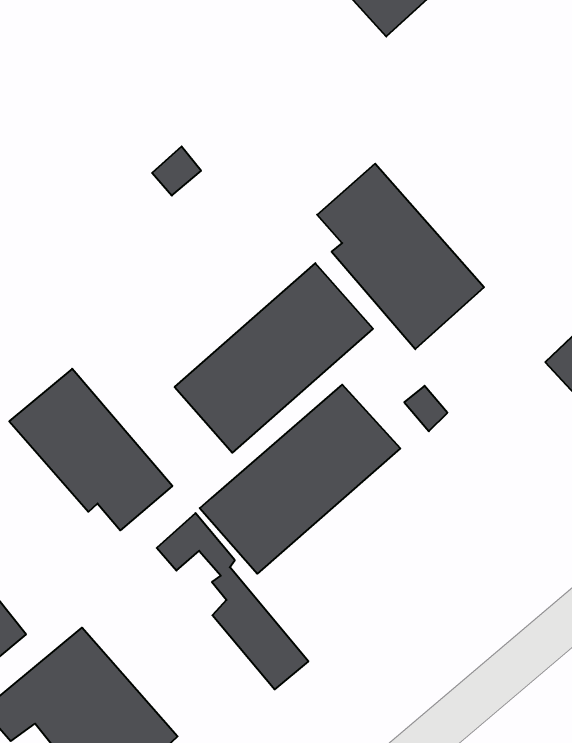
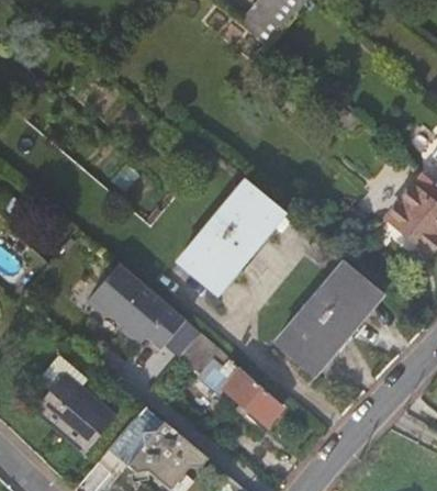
building: [317,164,484,349] -> none
building: [200,385,400,574] -> [278,264,385,378]

